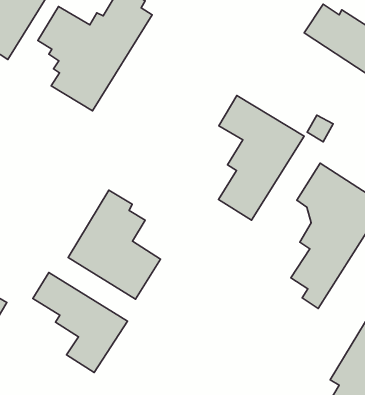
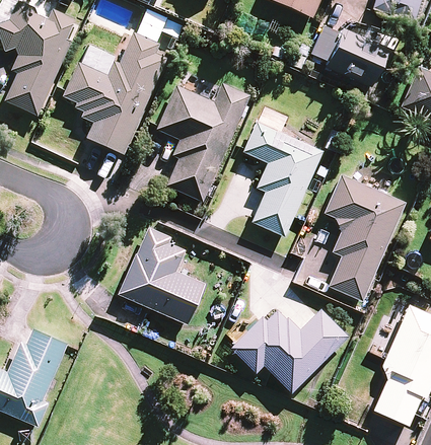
building: none -> [158,84,249,201]
building: [33,273,127,372] -> none
building: none -> [230,307,349,391]

